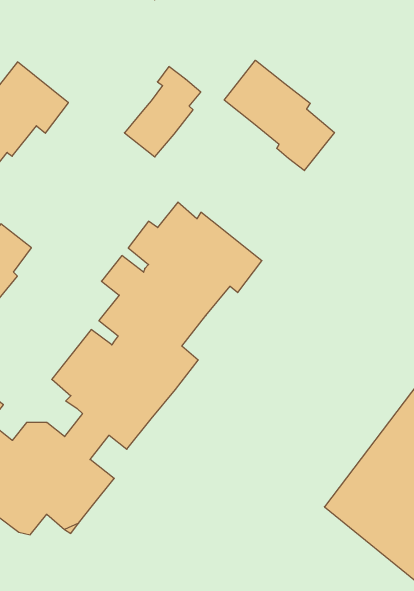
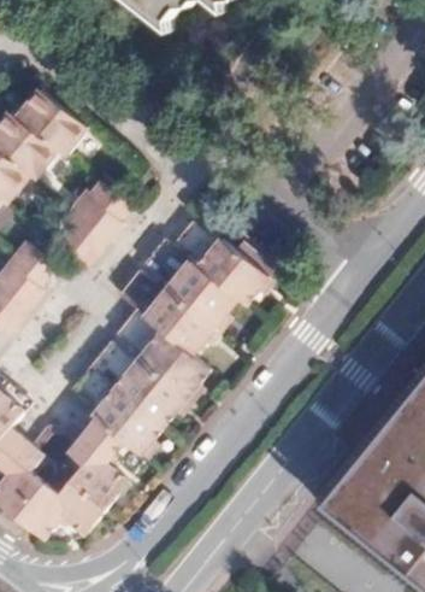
building: [224,60,334,171] -> none
building: [124,67,201,157] -> [55,183,128,269]

